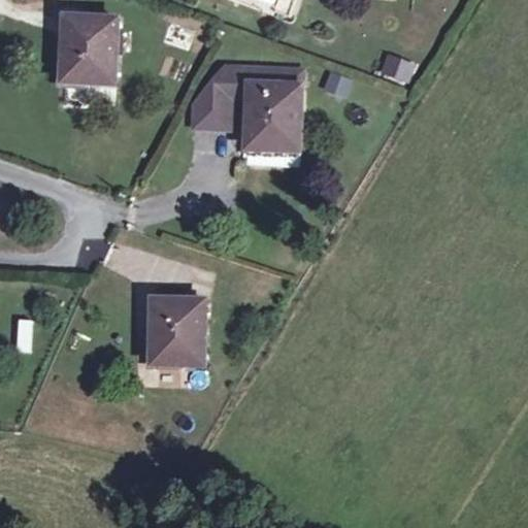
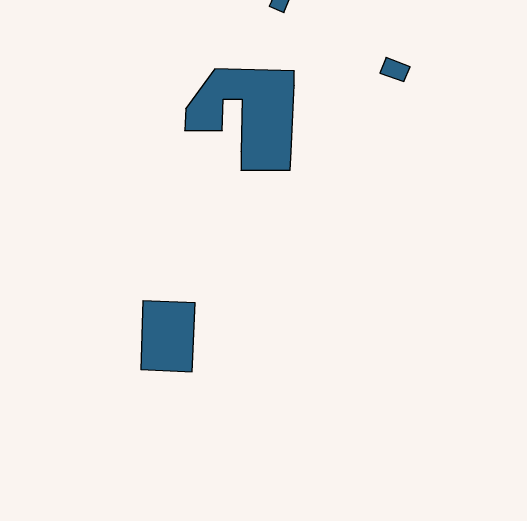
building: [70,8,124,80] -> none

